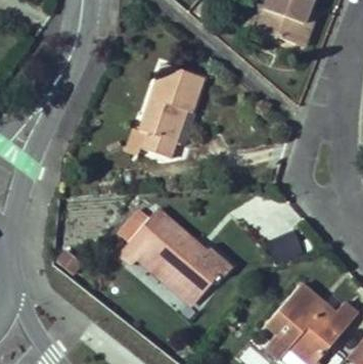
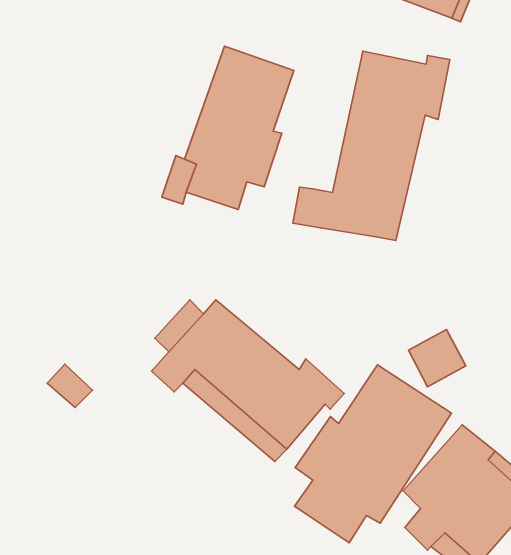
building: none -> [293,51,450,241]
building: none -> [295,365,451,543]

